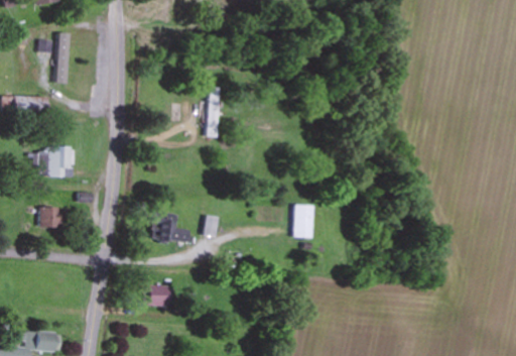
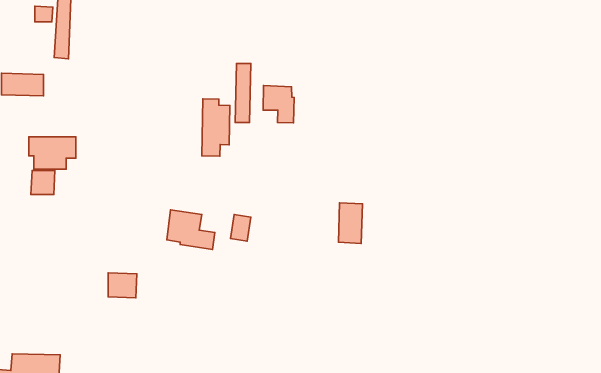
building: none -> [263,86,294,123]
building: none -> [202,99,230,156]
building: [39,208,59,228] -> [31,171,55,195]
building: [145,285,169,307] -> [108,273,137,298]

